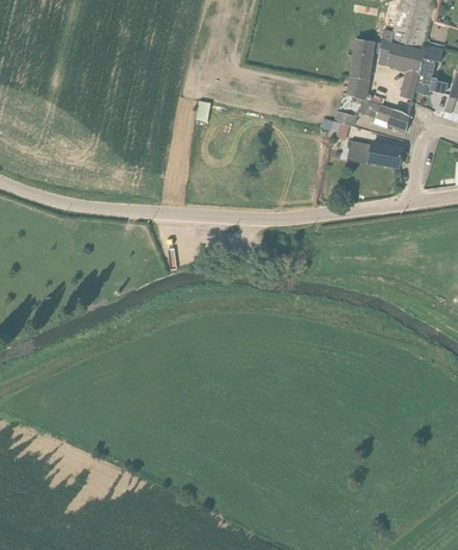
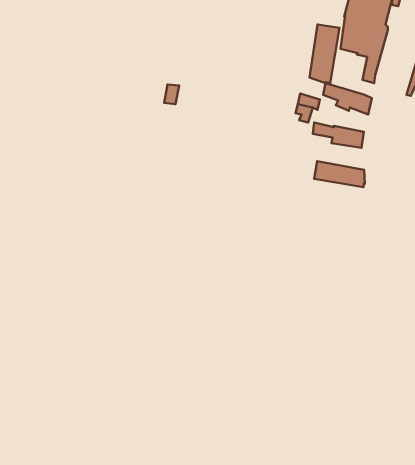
building: [414,44,447,94] -> none
building: none -> [314,161,365,187]

